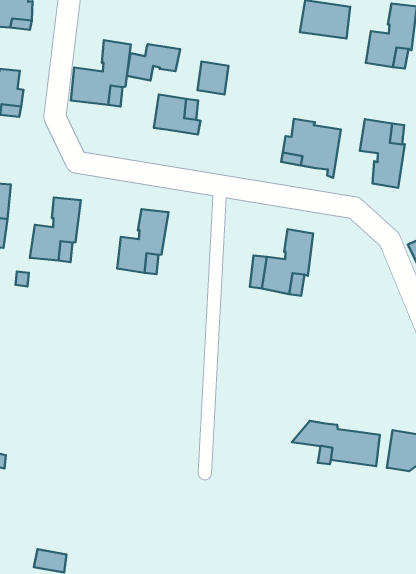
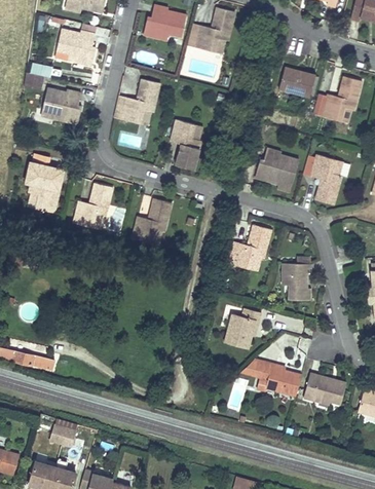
building: [127,44,180,81] -> none
building: [197,62,229,94] -> [176,146,199,171]
building: none -> [283,263,311,300]
building: none -> [225,308,261,348]

